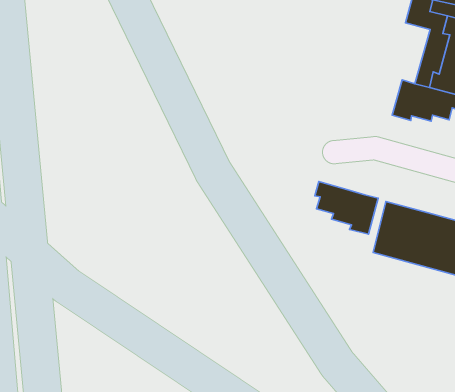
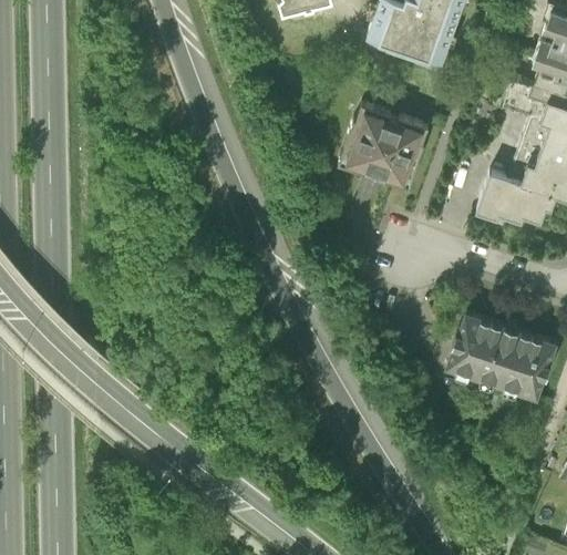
building: none -> [342,104,431,188]
building: [315,182,378,234] -> none

